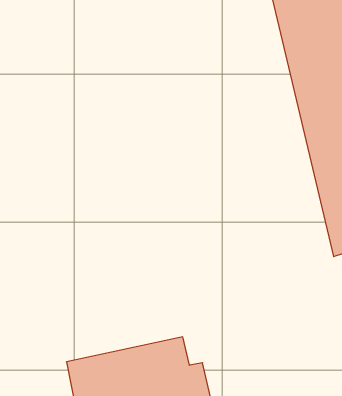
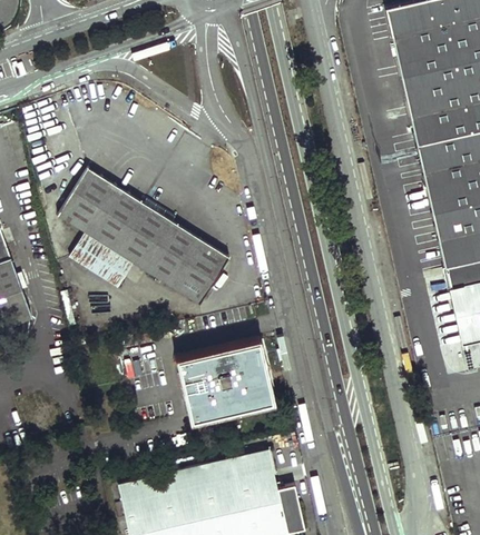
building: none -> [58,170,227,305]
building: none -> [180,344,272,420]

